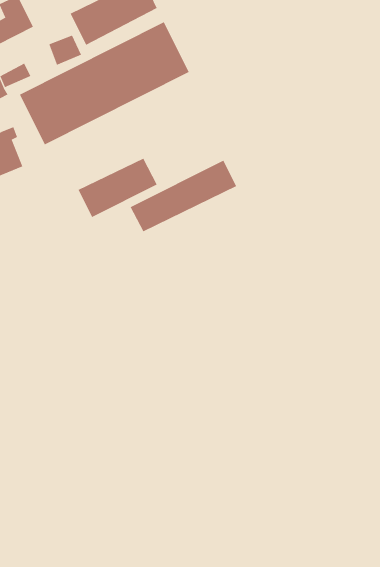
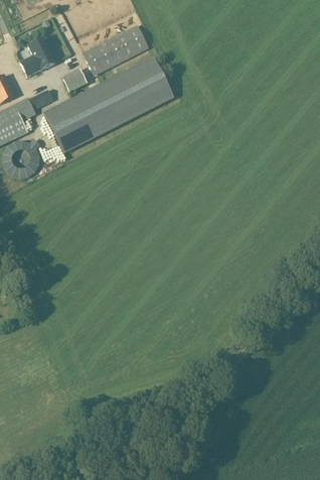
building: [78,158,157,218] -> none
building: [130,160,237,232] -> none

